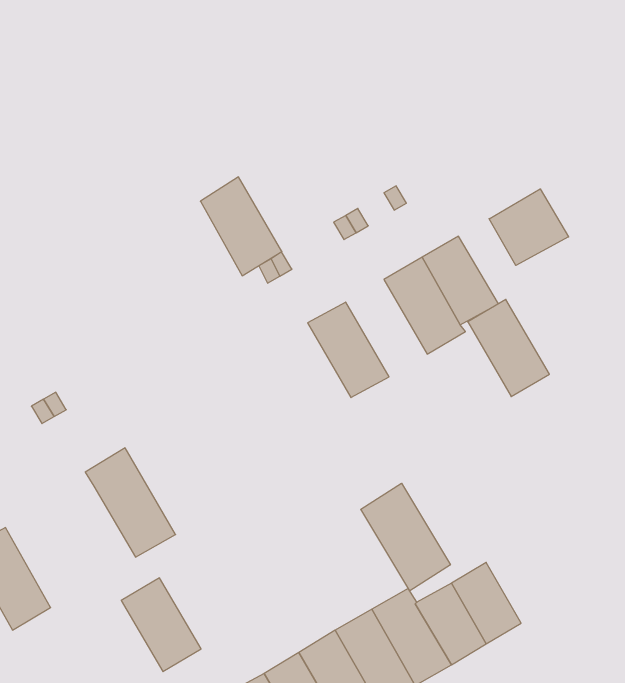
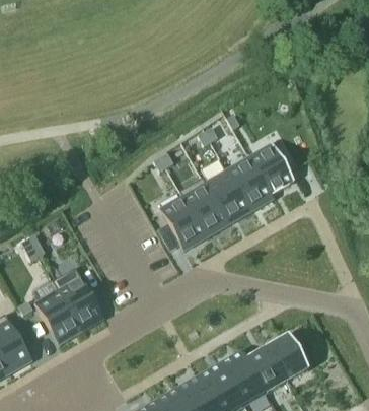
building: [200,177,282,276] -> [160,194,208,252]
building: [489,189,569,265] -> none
building: [468,299,549,397] -> [205,168,252,225]
building: [361,483,450,591] -> none
building: [121,578,201,672] -> [35,289,82,344]

